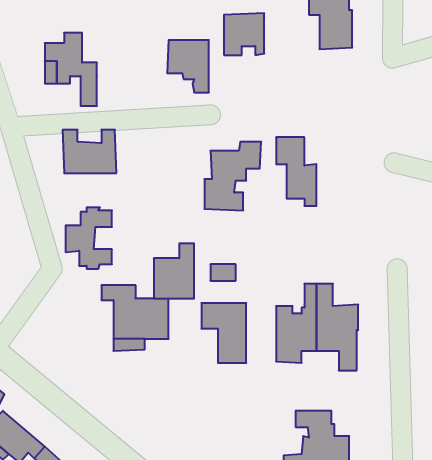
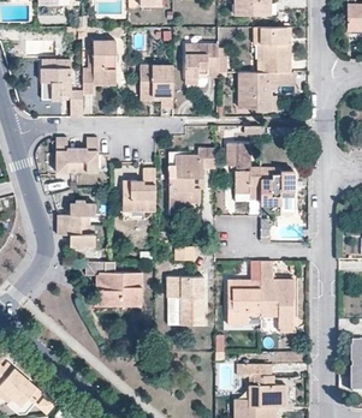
building: none -> [83,41,115,95]
building: none -> [238,72,293,113]
building: none -> [260,171,293,211]
building: [154,243,194,299] -> [123,168,155,213]

